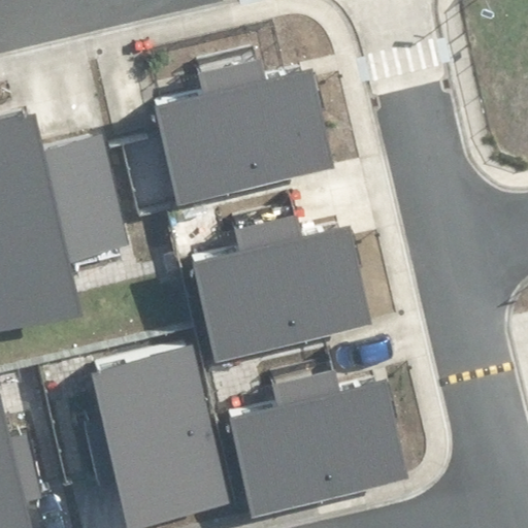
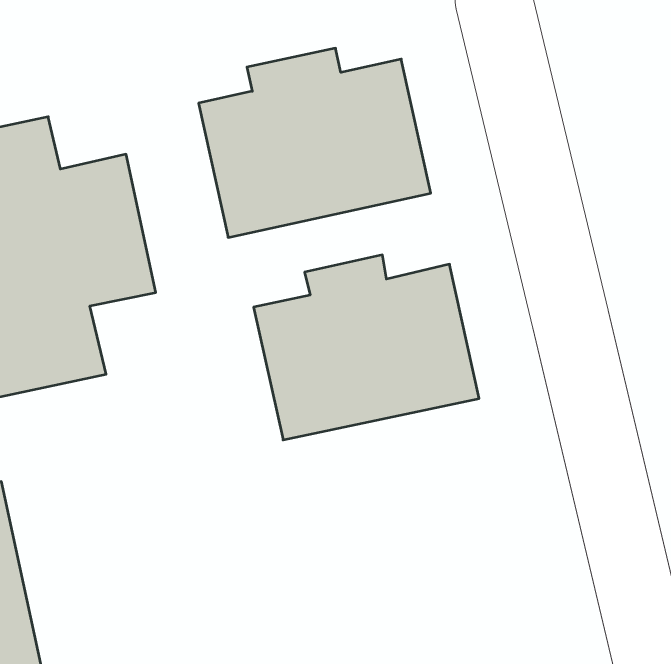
building: [91,342,225,521] -> none
building: [228,364,404,507] -> none

